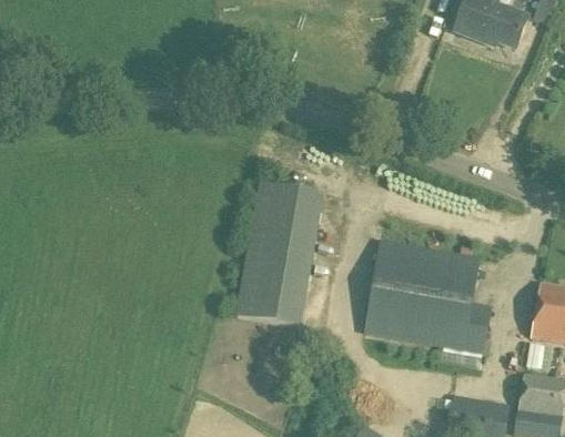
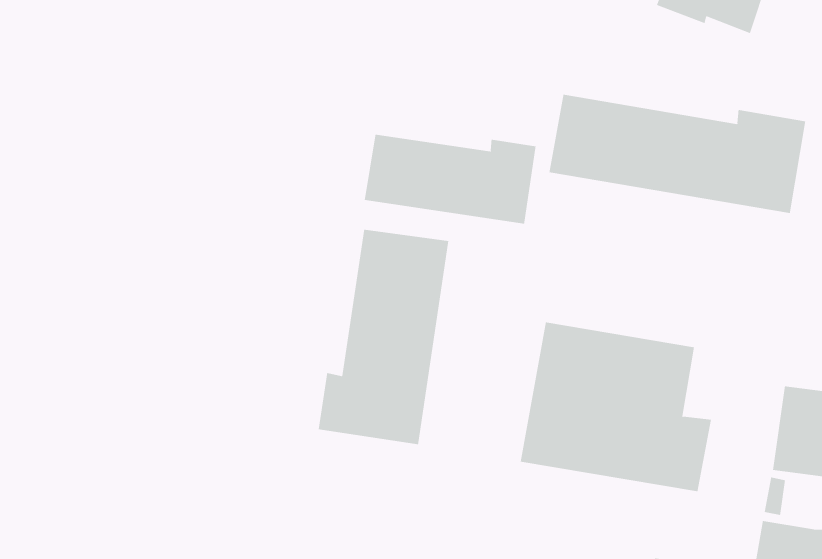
building: none -> [549,94,806,214]
building: none -> [364,134,536,224]

